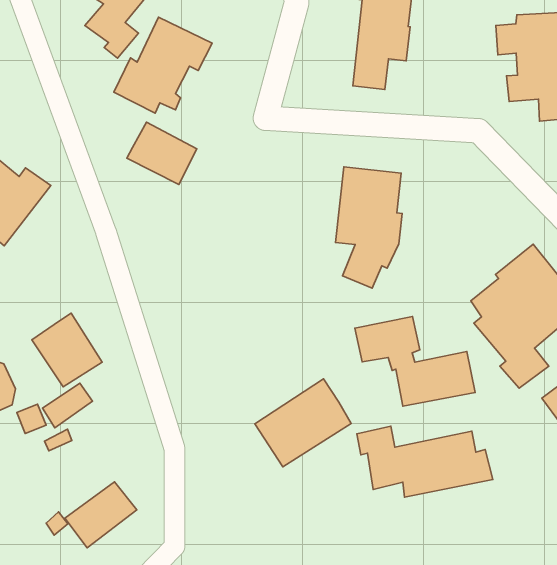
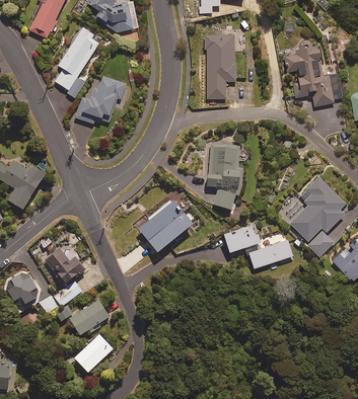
building: [127,122,197,184] -> none
building: [255,379,351,467] -> [138,198,192,250]
building: none -> [69,299,109,334]
building: [357,426,493,497] -> none

